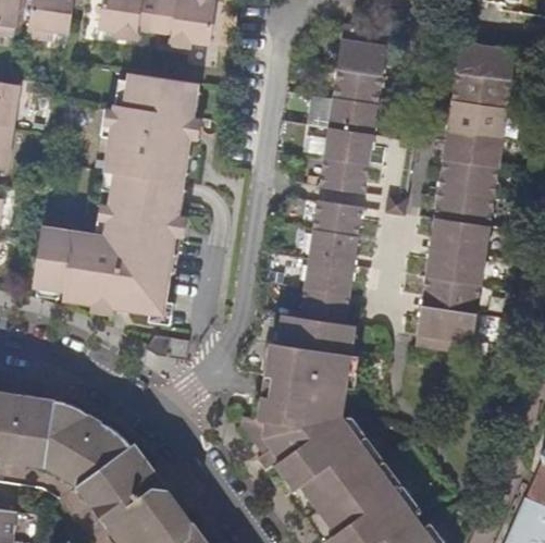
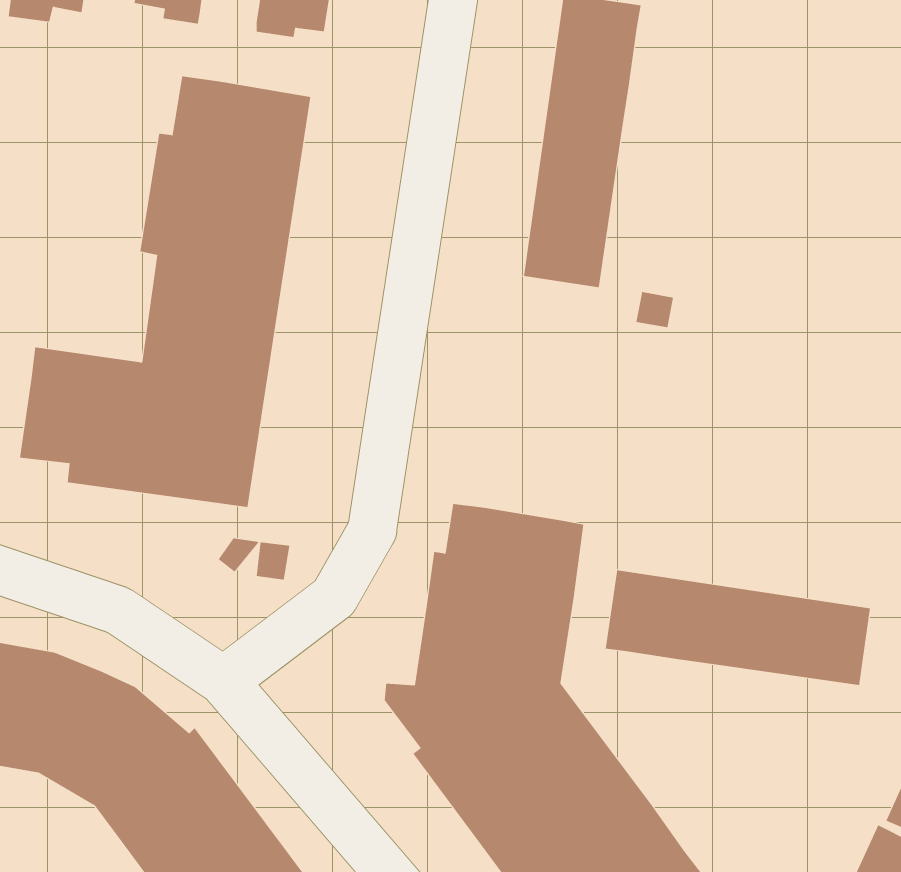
building: [417,40,516,355] -> none
building: [299,200,362,324] -> none
building: none -> [605,569,871,686]

